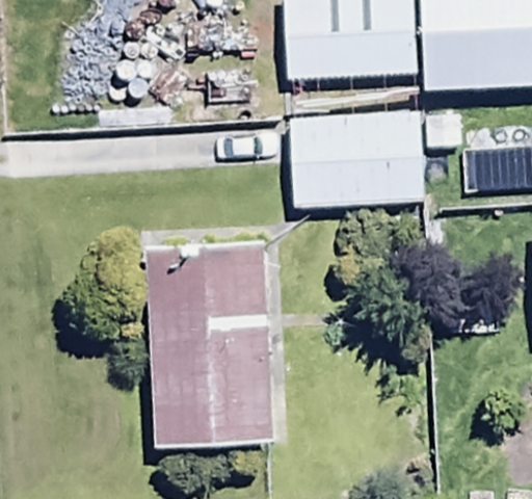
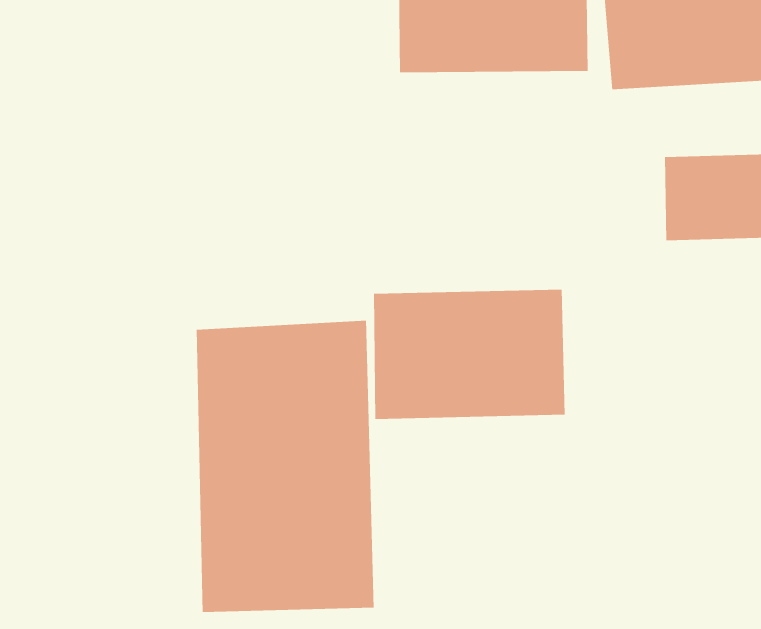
building: [292,119,422,207] -> [373,289,566,420]

